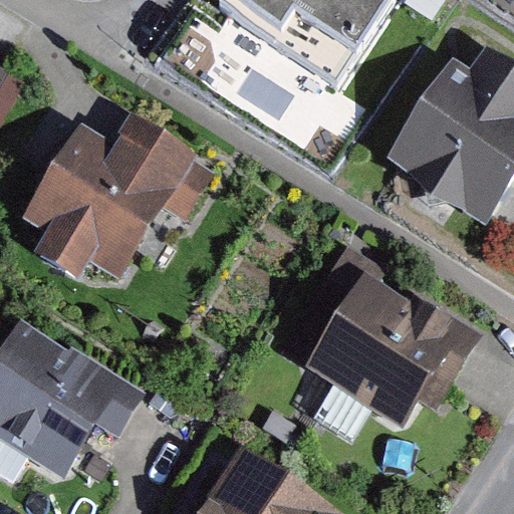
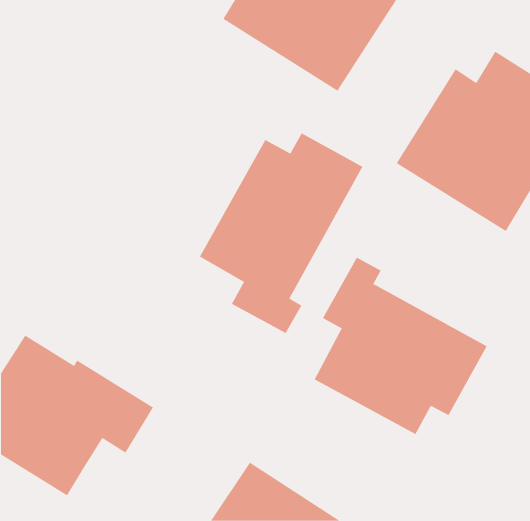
building: [14,114,218,280] -> none
building: none -> [199,133,363,334]

